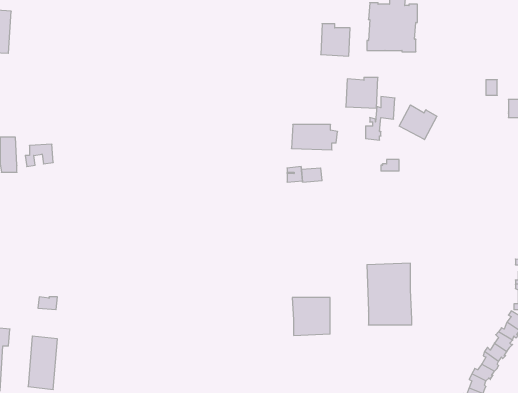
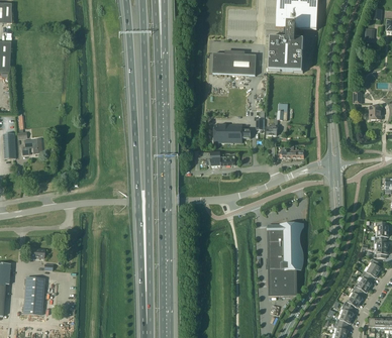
building: [346,77,378,108] -> [212,50,235,73]
building: [399,105,437,140] -> none
building: [292,298,330,335] -> [269,267,296,295]

